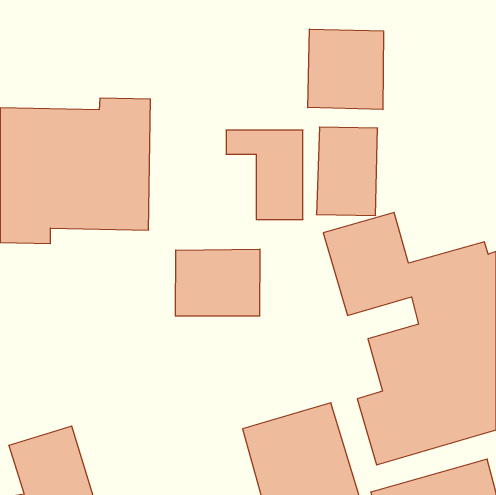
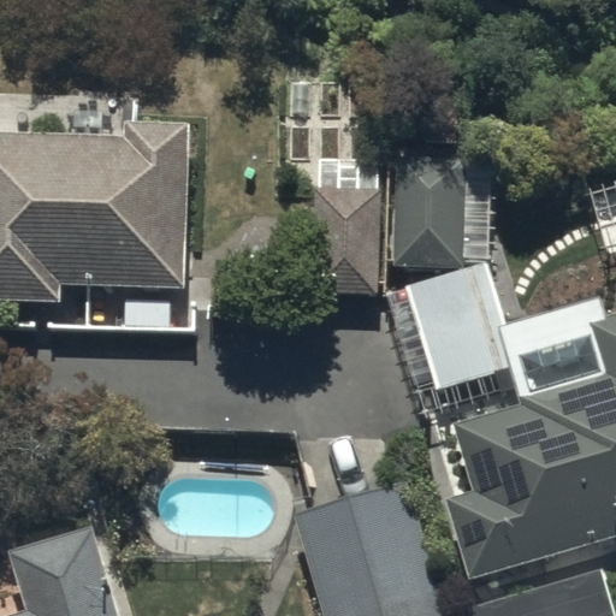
building: [308,29,383,110] -> none
building: [175,249,260,316] -> none

